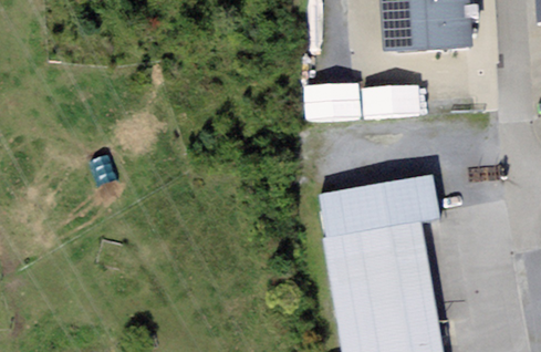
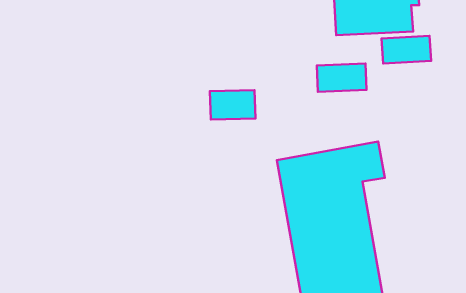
building: none -> [382,36,431,64]
building: [305,83,357,116] -> [210,90,255,120]

